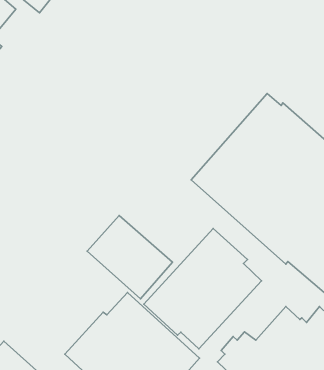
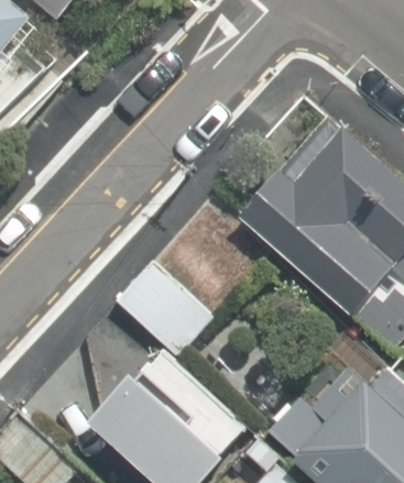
building: [144,228,262,349] -> none

